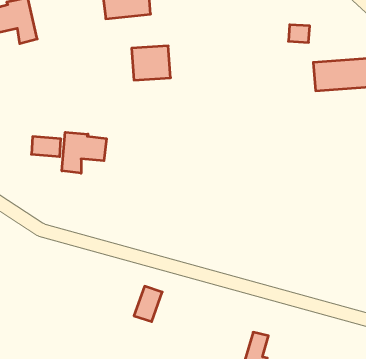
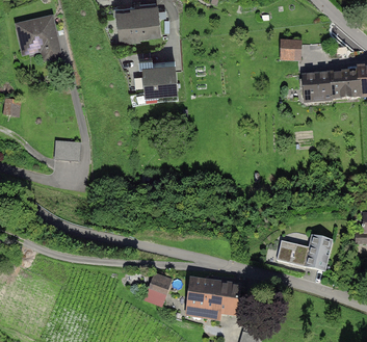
building: [62,132,106,173] -> none
building: none -> [277,233,333,270]
building: none -> [186,278,240,313]

